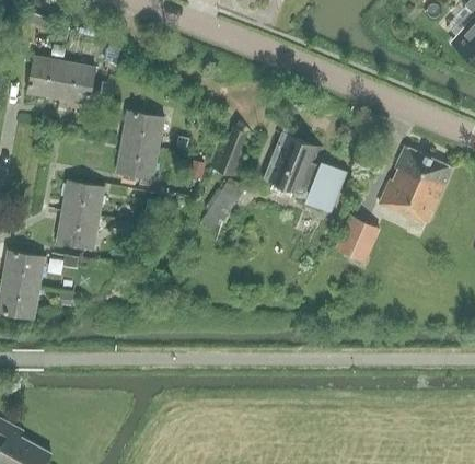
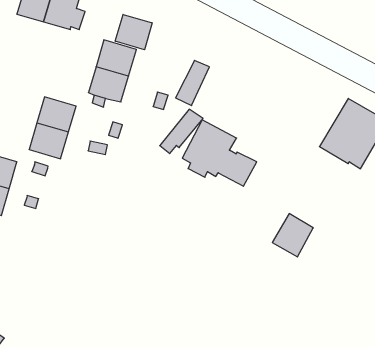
building: none -> [115,14,152,50]
building: [264,132,347,201] -> [182,120,257,186]
building: [336,216,380,263] -> [272,214,313,257]

